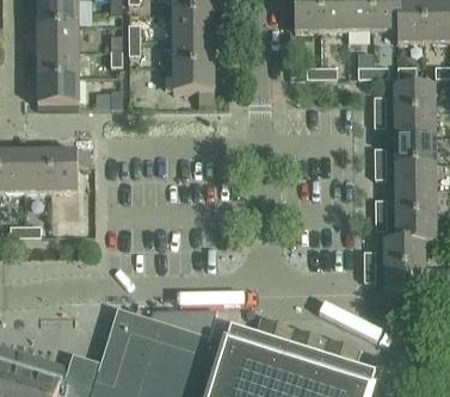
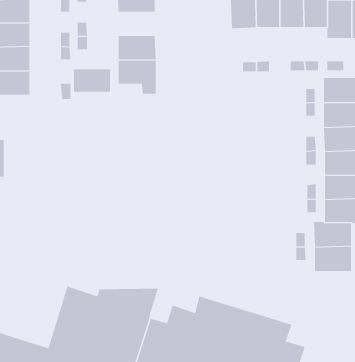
building: [172,13,212,38] -> [73,69,111,92]
building: [50,149,87,191] -> none

